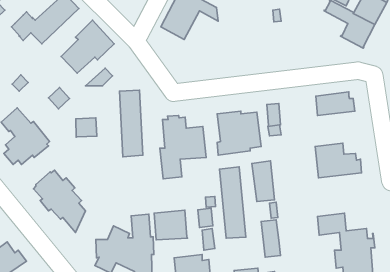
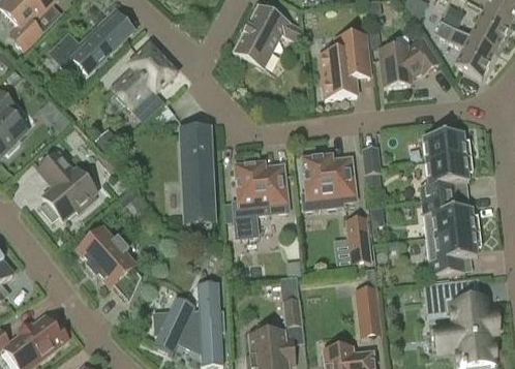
building: none -> [320,34,368,97]
building: none -> [380,38,438,87]
building: none -> [420,155,473,198]
building: [76,118,97,137] -> none
building: [220,167,246,238] -> none
building: none -> [426,230,481,275]
building: [154,210,187,240] -> none

